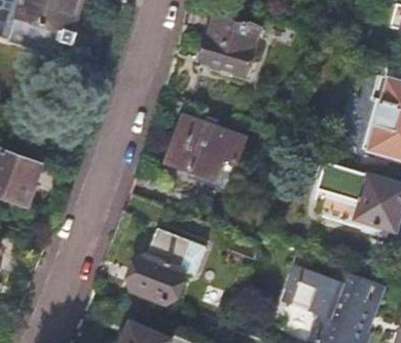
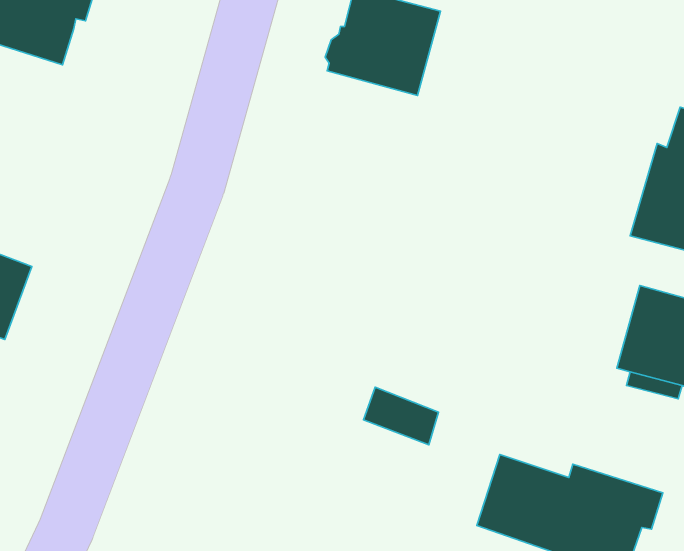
building: [167,117,245,181] -> none
building: [131,229,205,303] -> none

